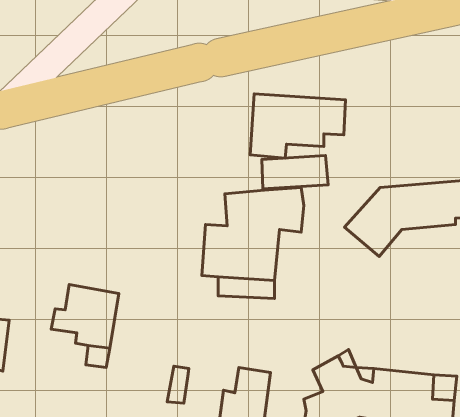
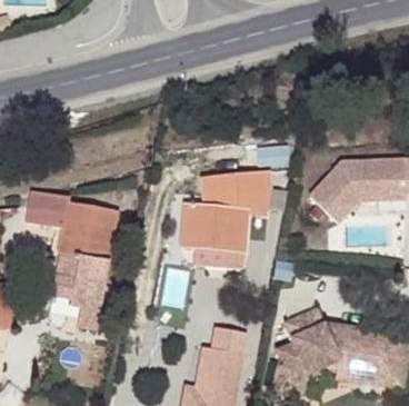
building: [250,94,346,158] -> none
building: none -> [24,185,120,261]

